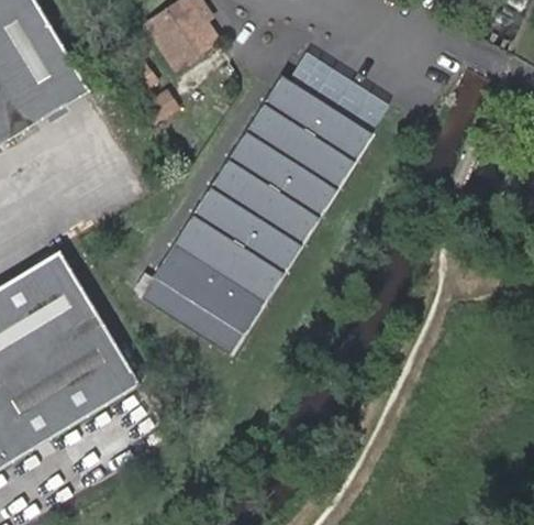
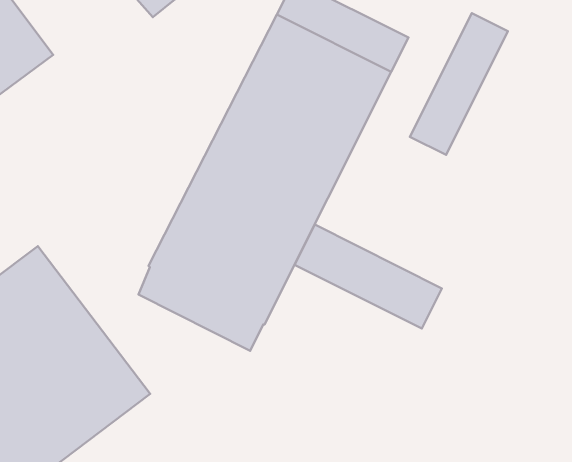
building: none -> [410,13,508,155]
building: none -> [295,225,442,329]

